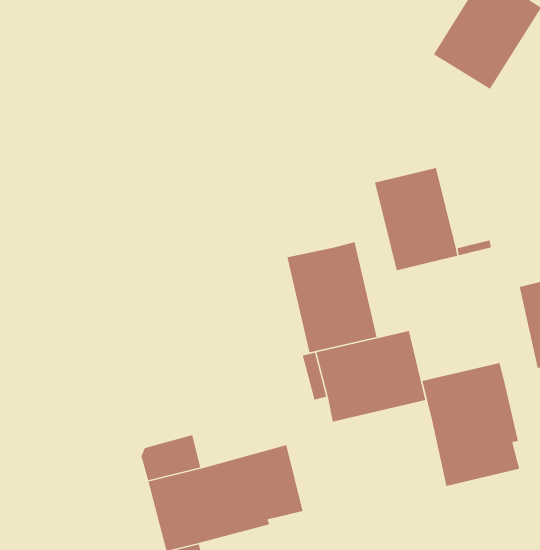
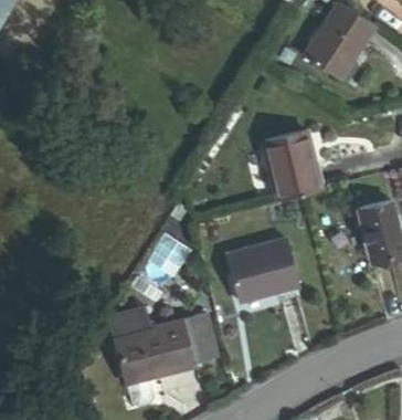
building: [286,241,378,353] -> none
building: [421,362,520,487] -> none

